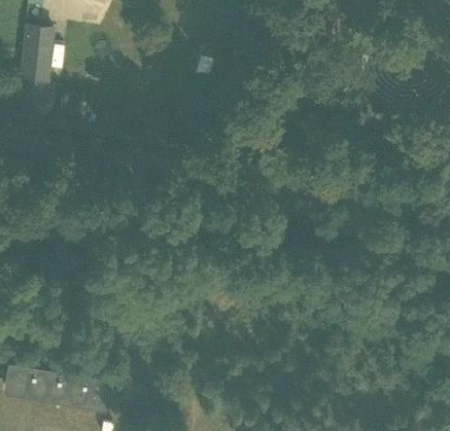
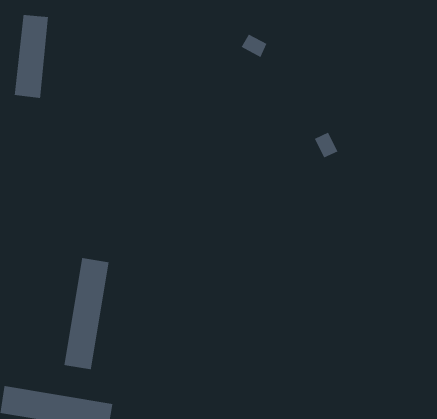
building: none -> [64,257,109,370]

